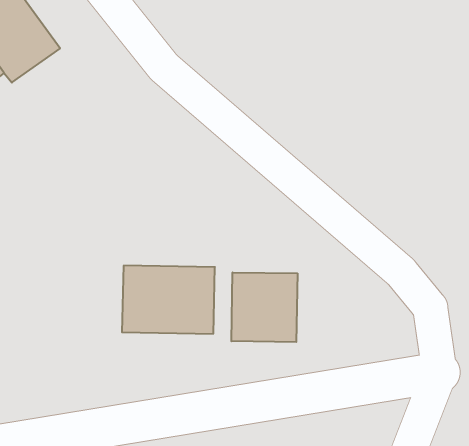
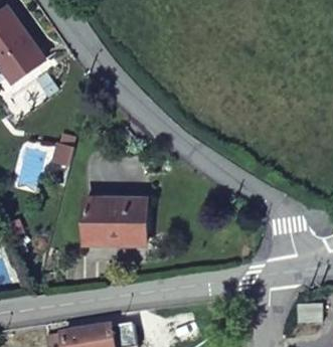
building: [231,272,297,342] -> none

